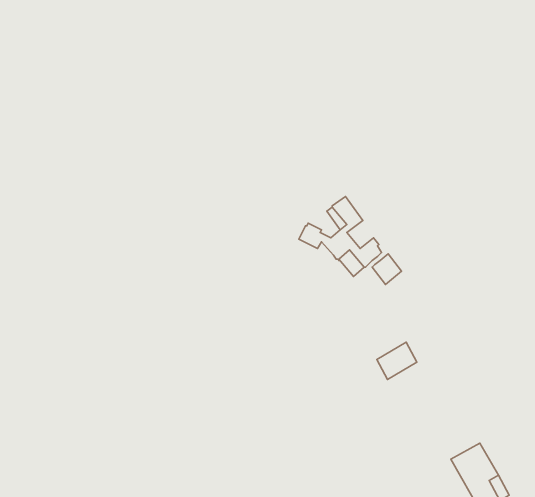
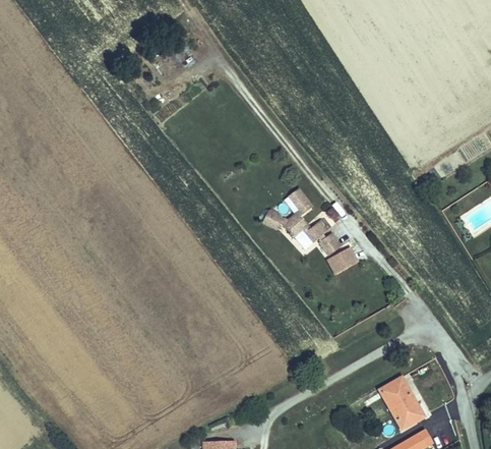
building: [377,342,417,380] -> [327,246,358,275]

